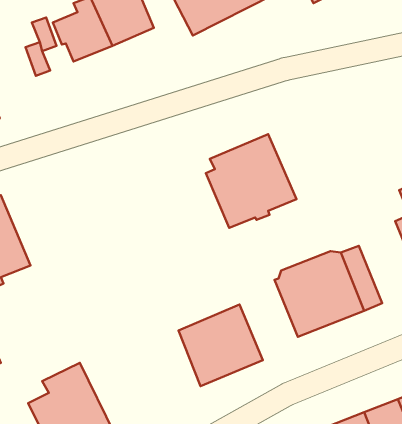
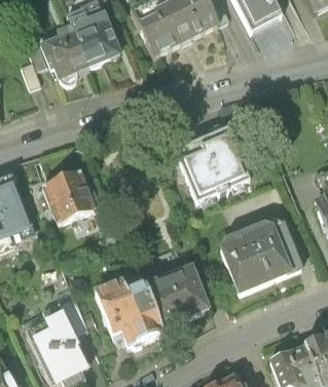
building: none -> [47,170,99,221]
building: none -> [96,275,162,344]

